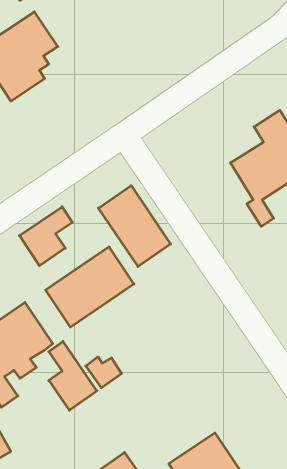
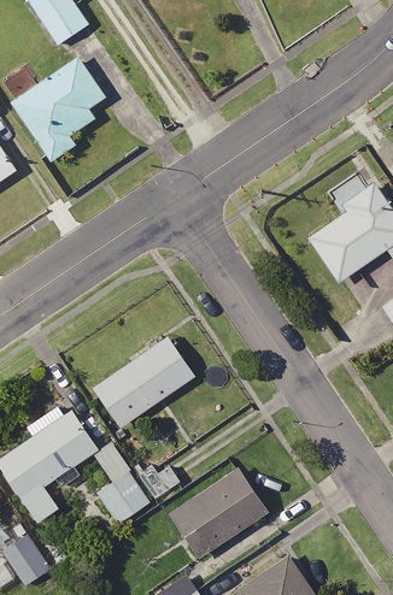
building: [98,186,171,267] -> none
building: [19,207,72,266] -> none
building: none -> [169,467,265,556]

